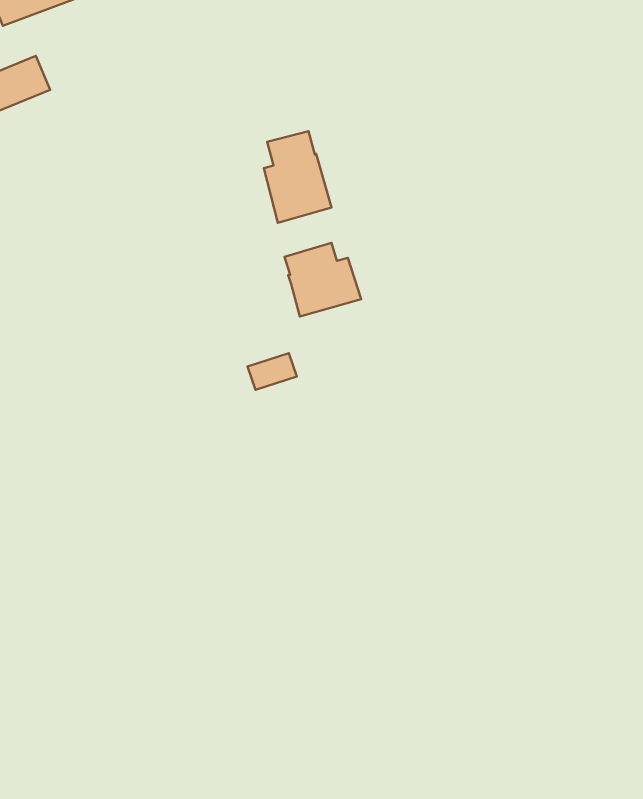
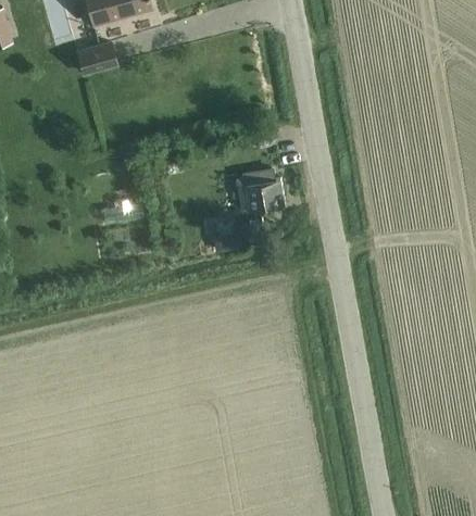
building: [264,131,332,223] -> none

